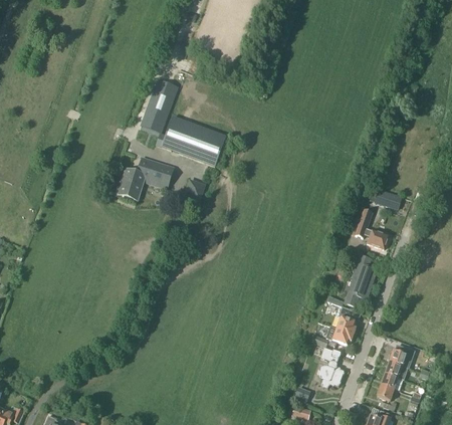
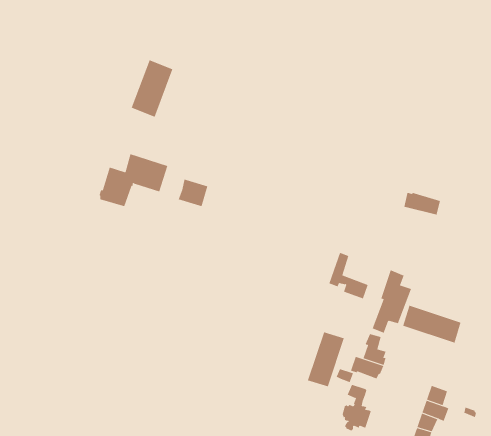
building: [157,116,226,167] -> none
building: [355,209,388,248] -> [329,252,368,299]
building: none -> [403,305,461,344]
building: none -> [307,332,345,387]

